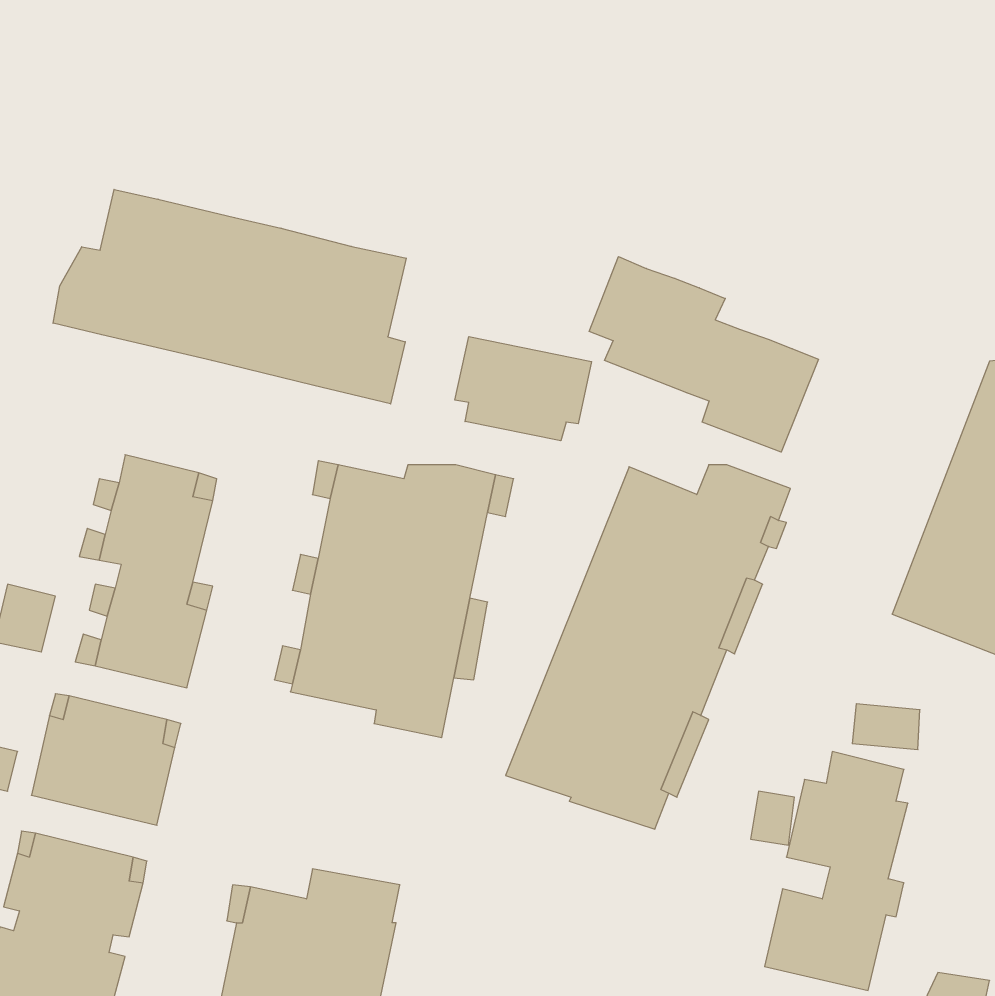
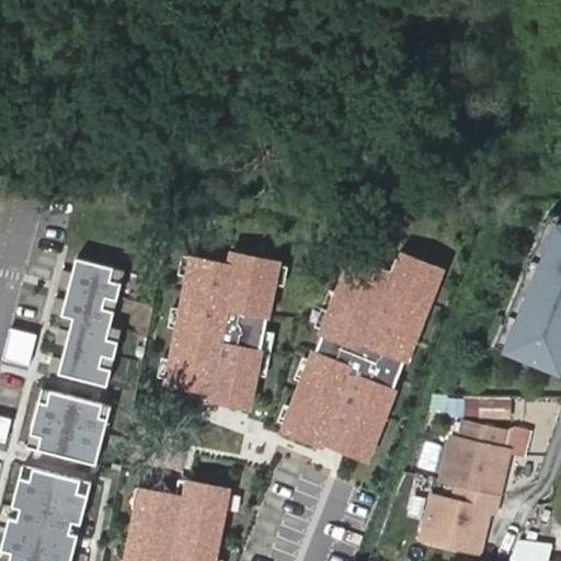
building: [53,189,406,404] -> none
building: [589,257,818,452] -> none
building: [455,337,592,441] -> none

